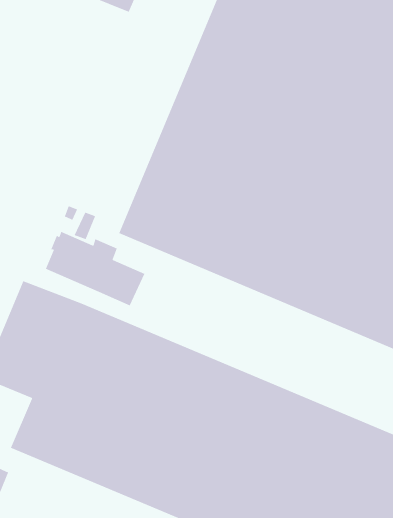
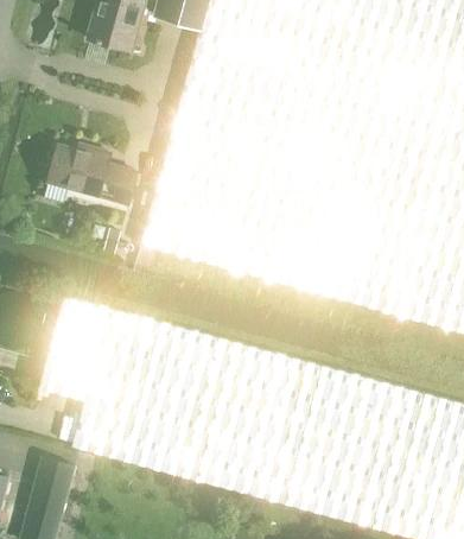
building: [45,231,145,306] -> [49,146,138,204]

